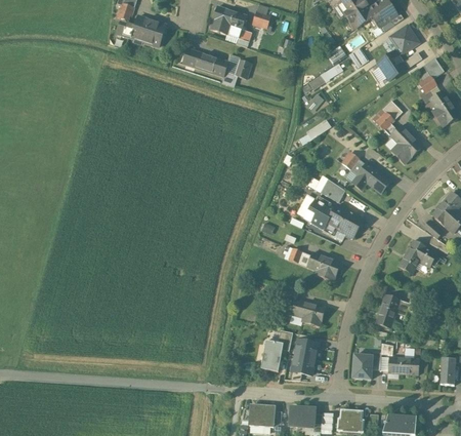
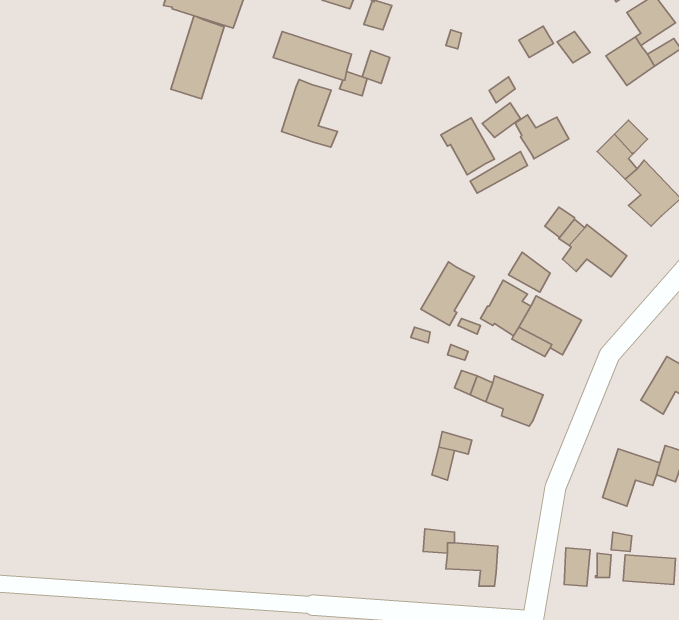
building: none -> [171,16,224,99]
building: none -> [281,79,337,147]
building: none -> [515,115,569,159]
building: none -> [441,118,494,175]
building: none -> [421,262,474,326]
building: [291,300,324,326] -> none

